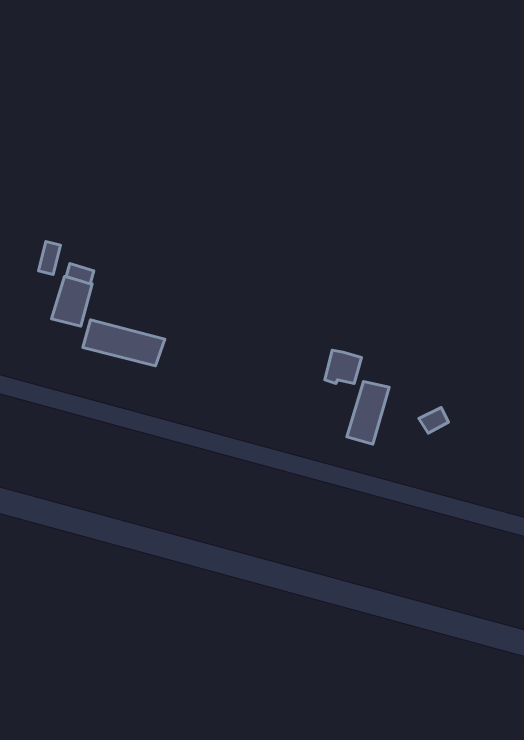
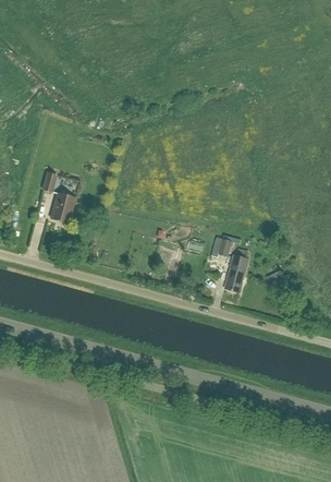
building: [83,320,165,366] -> none

